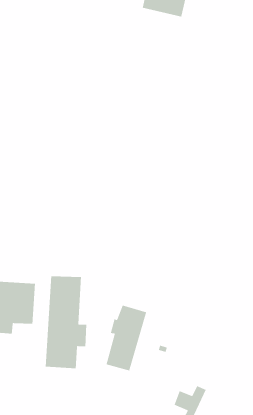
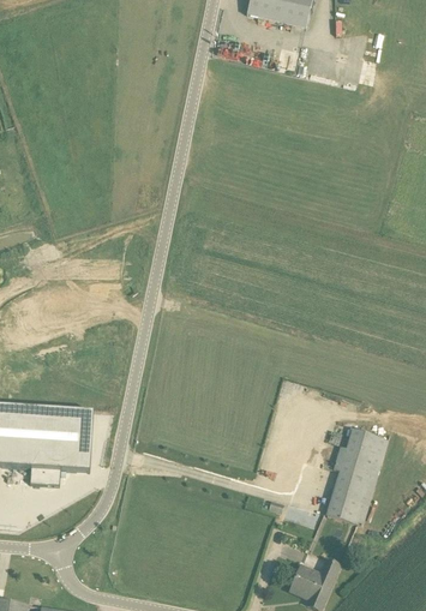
building: [45,276,87,369] -> none
building: [106,304,147,372] -> [328,426,388,523]

